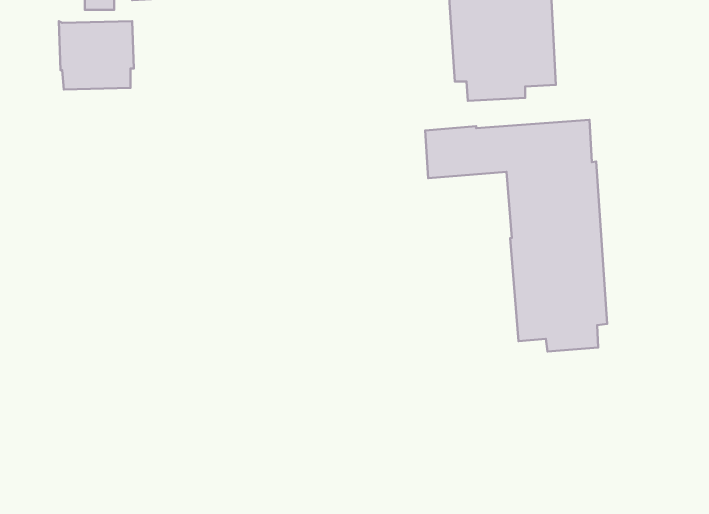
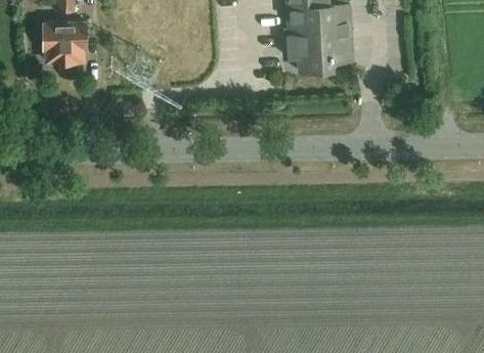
building: [425,120,607,352] -> none

